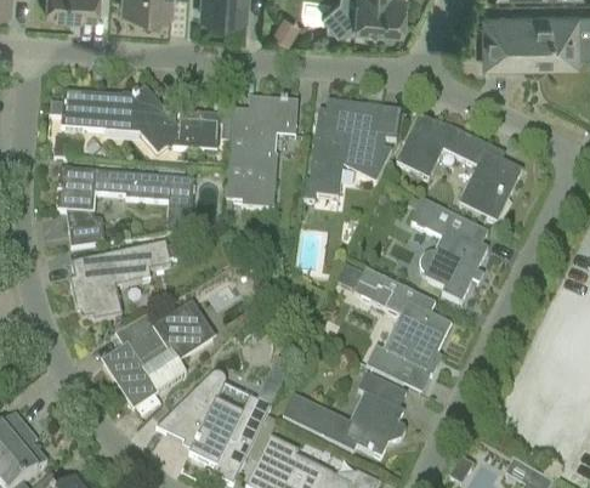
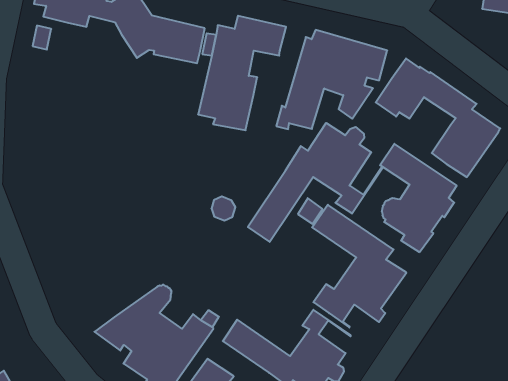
building: [56,168,193,245] -> none
building: none -> [248,123,382,242]
building: [69,239,176,319] -> none
building: [102,300,215,405] -> none

